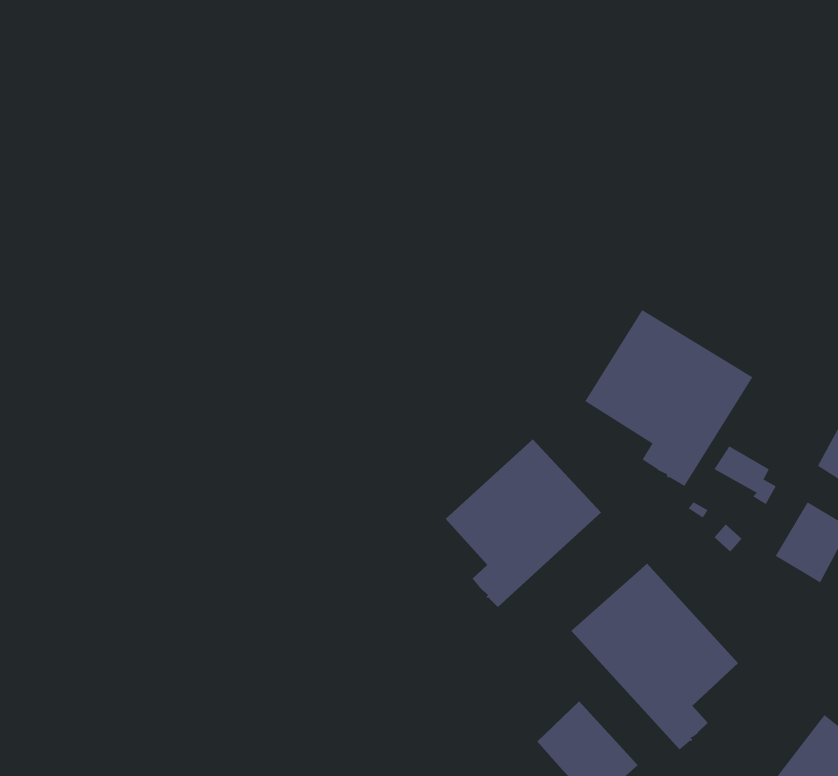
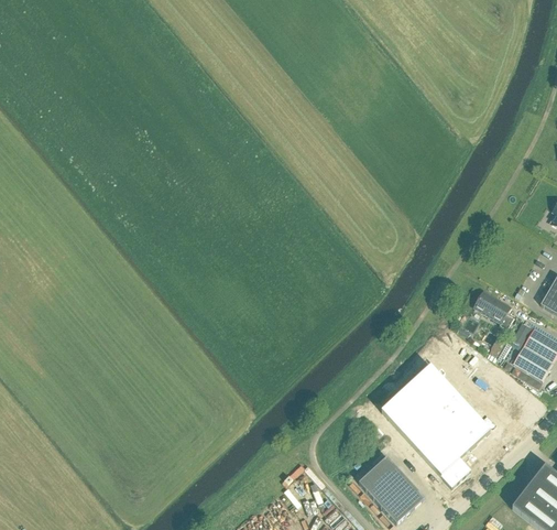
building: [584,309,753,487] -> none
building: [445,439,602,608] -> none

